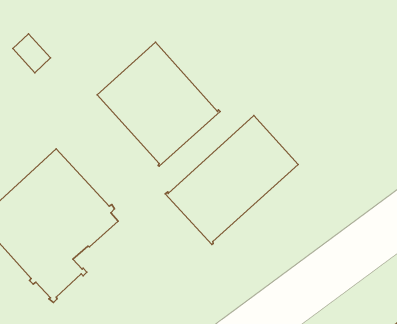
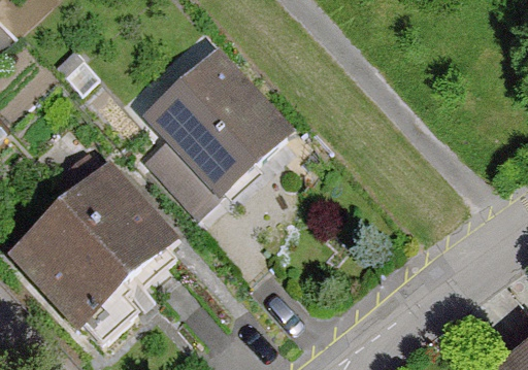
building: [165,115,298,244] -> none

